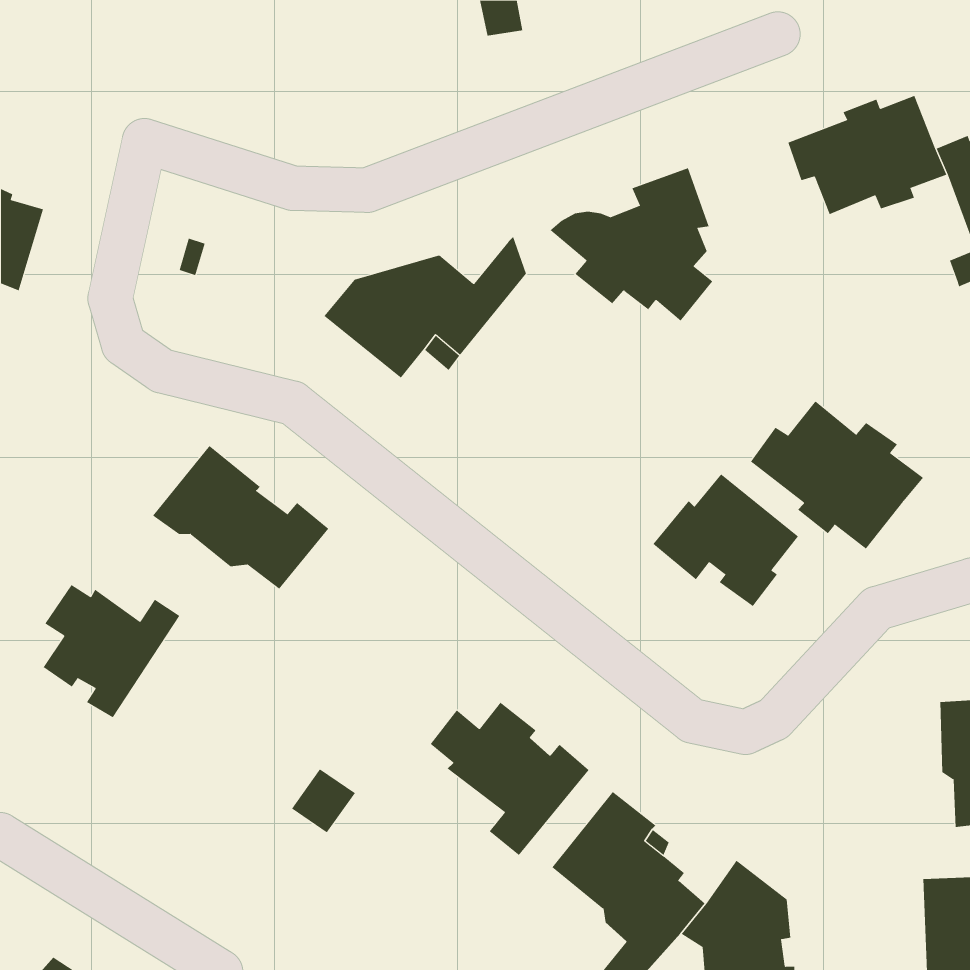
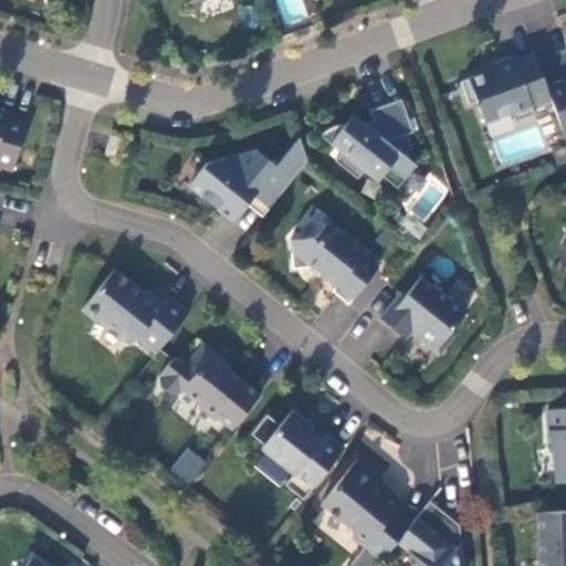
building: none -> [290,221,378,304]
building: [750,400,924,550] -> none
building: [43,584,180,718] -> none
building: none -> [159,343,260,429]

